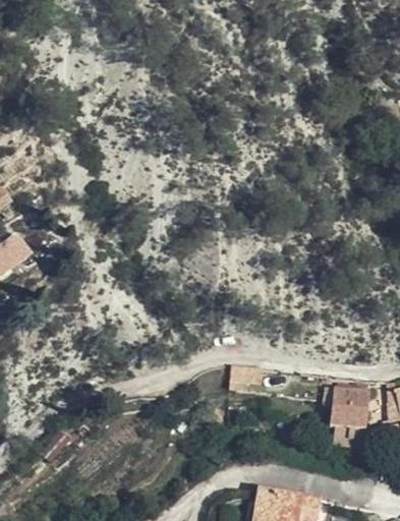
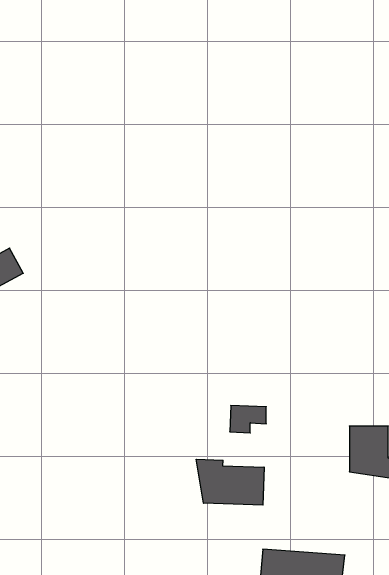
building: none -> [196,459,264,505]

